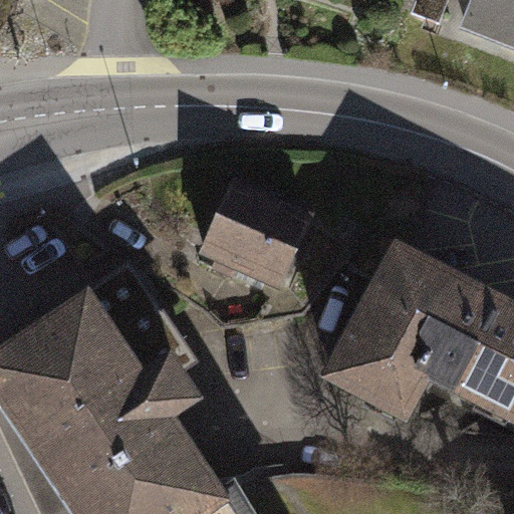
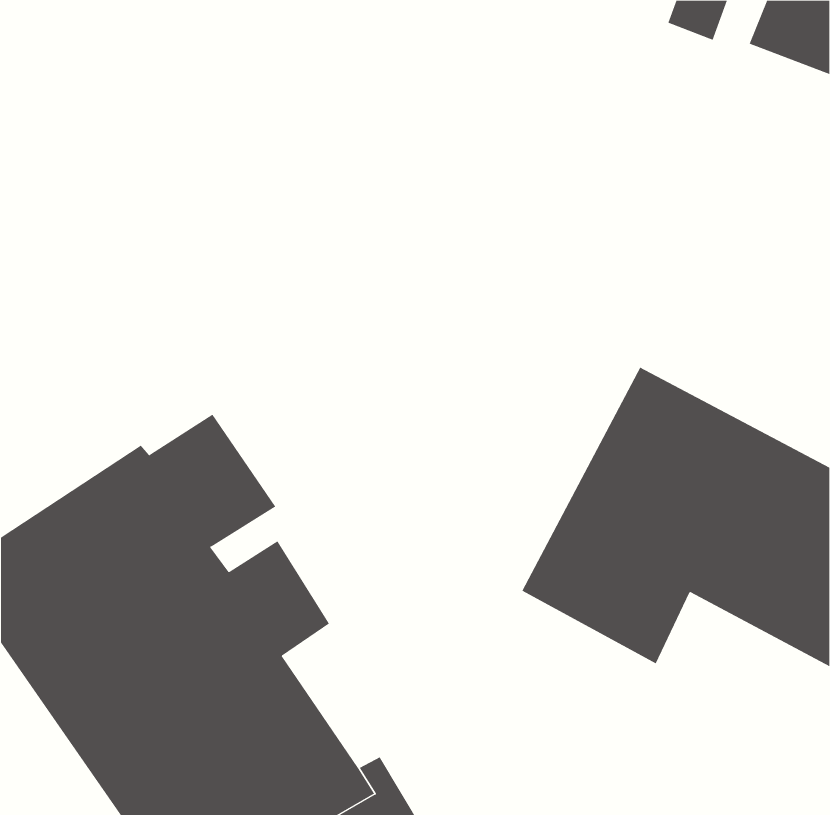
building: [199,185,312,291] -> none

